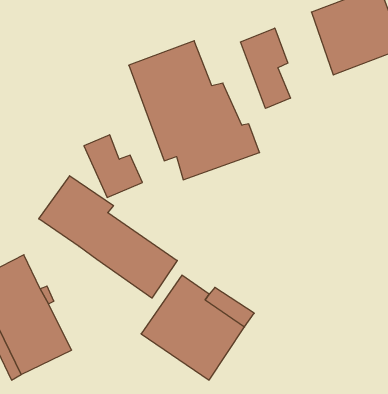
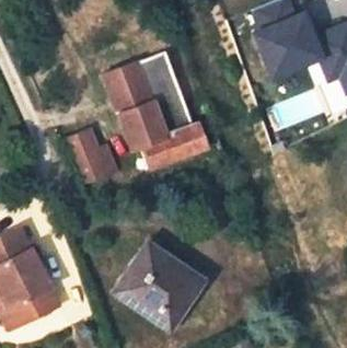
building: [241,28,290,108] -> none
building: [39,176,177,298] -> none

